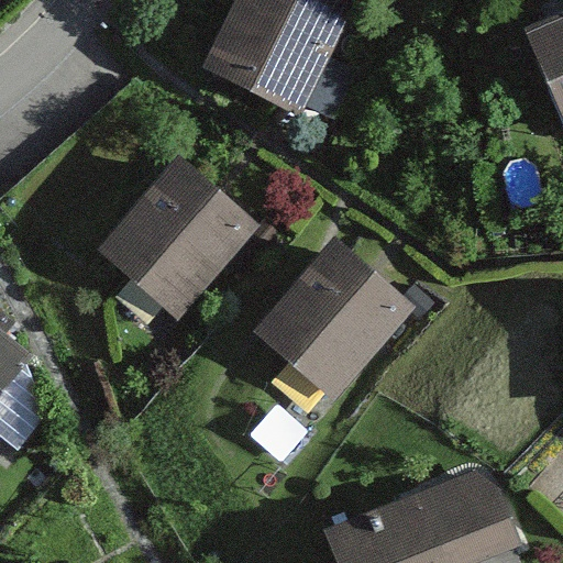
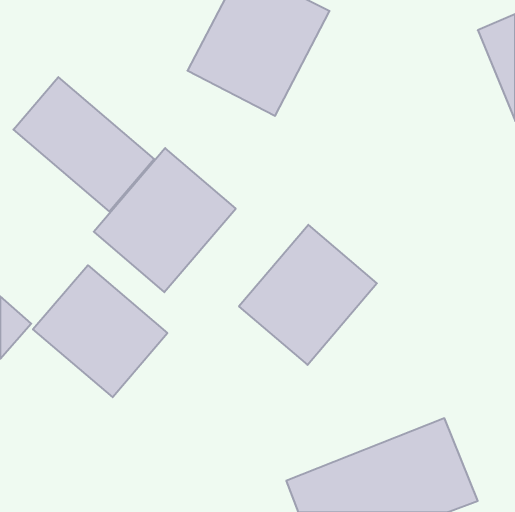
building: none -> [13,77,154,212]
building: none -> [33,265,167,397]

